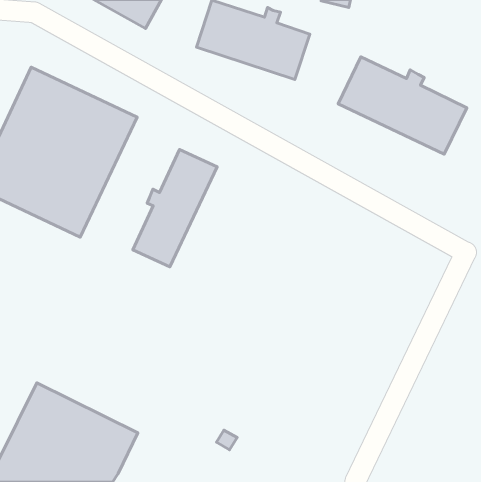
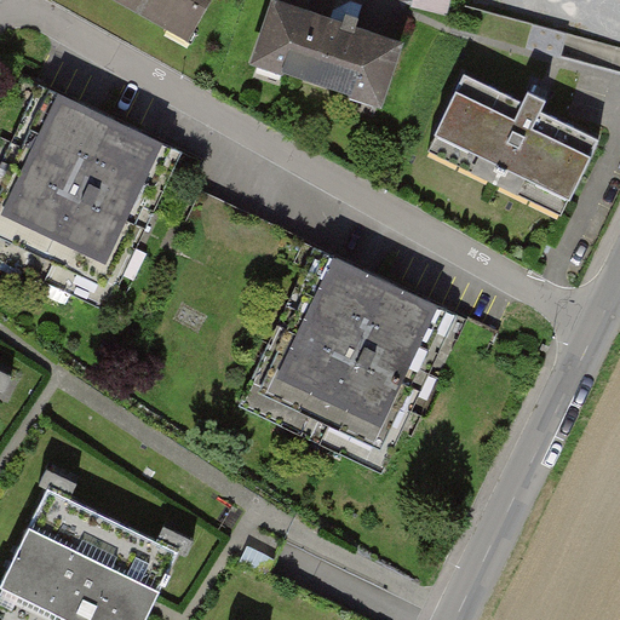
building: [133,150,217,267] -> none
building: none -> [243,249,452,469]

